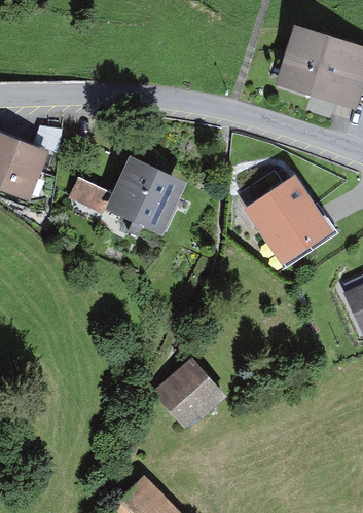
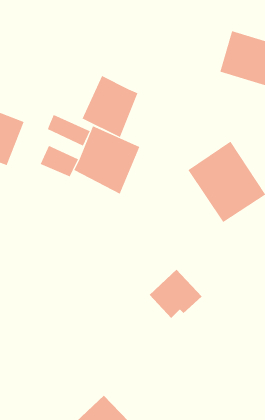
building: none -> [82,75,138,138]
building: none -> [47,114,90,147]
building: [157,361,221,420] -> [149,269,202,319]

